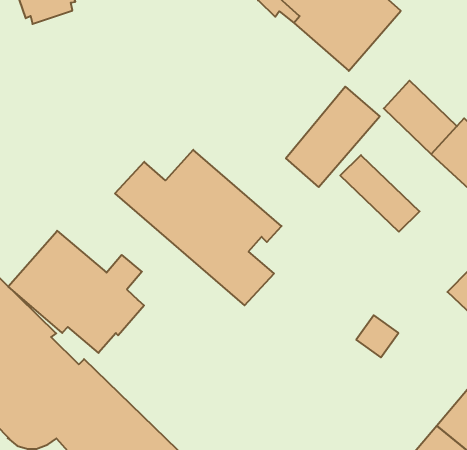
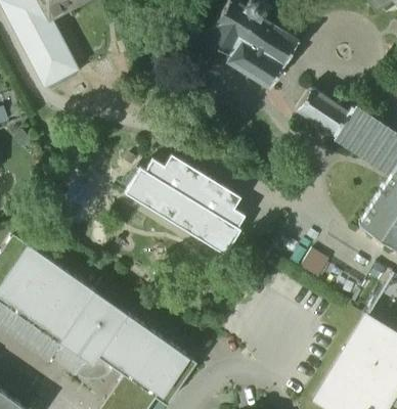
building: [286,87,380,187] -> none
building: [340,155,420,232] -> none
building: [8,231,144,353] -> none

